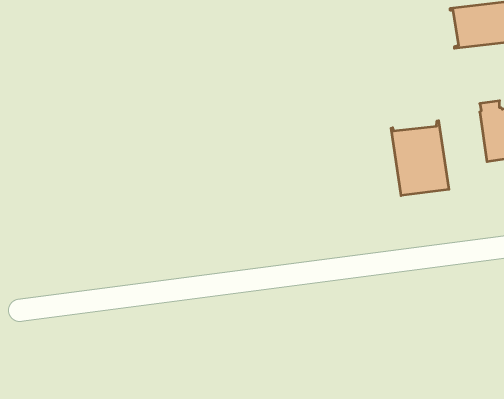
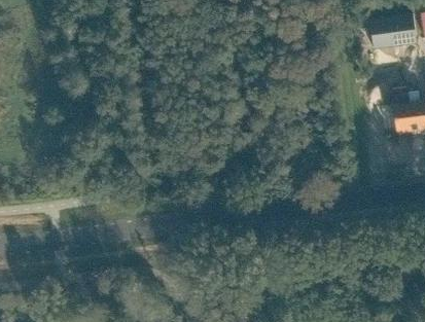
building: [391,121,449,196] -> none

